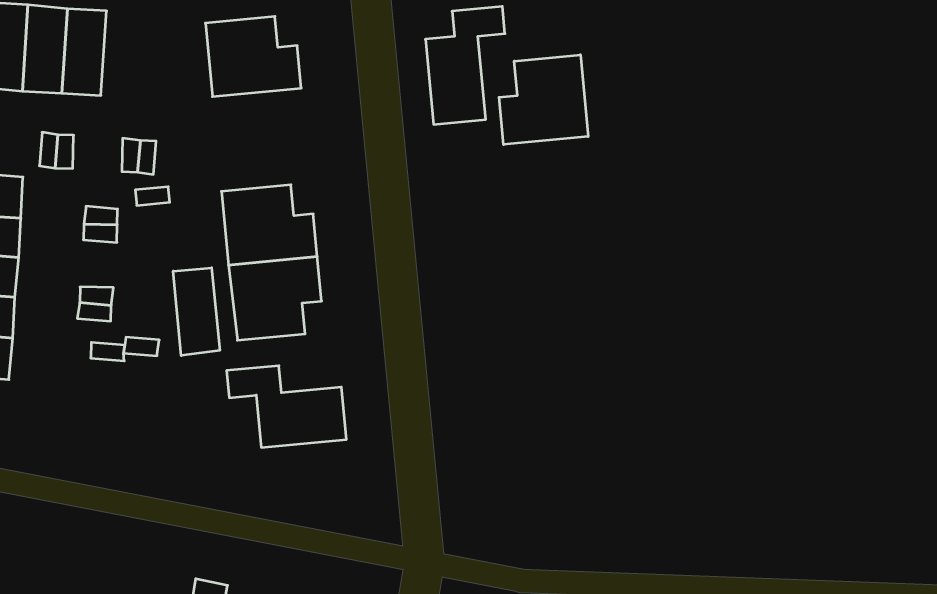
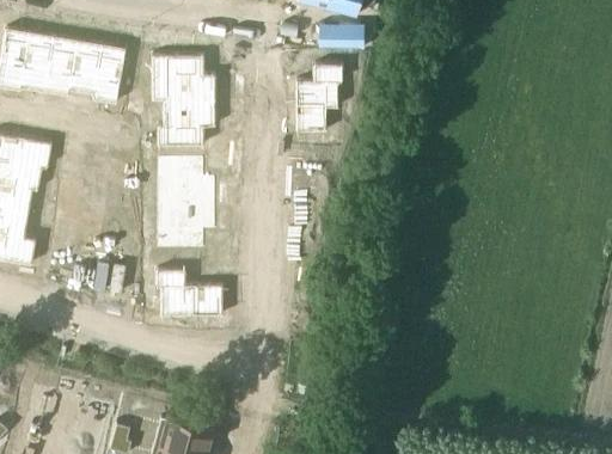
building: none -> [91,44,124,100]
building: [499,55,588,145] -> none
building: none -> [159,103,214,149]
building: [173,268,220,356] -> none

